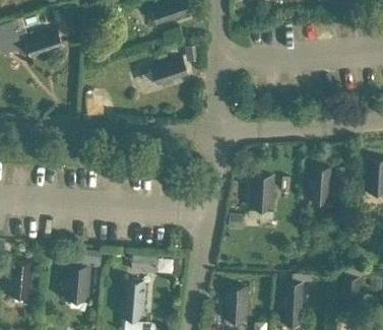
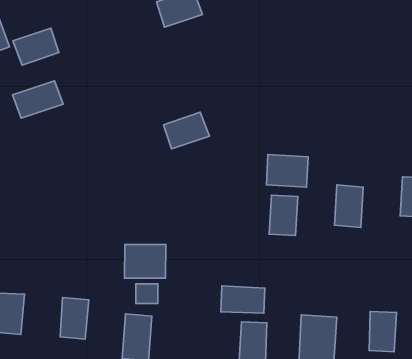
building: [150,57,191,89] -> [163,112,209,149]
building: none -> [12,81,63,118]
building: none -> [266,154,308,187]
building: none -> [124,245,166,278]
building: none -> [221,286,265,313]

